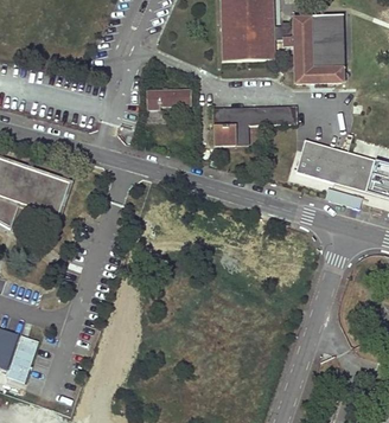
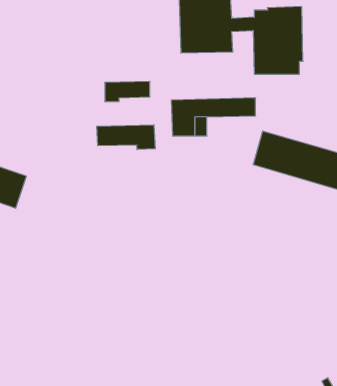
building: none -> [97,125,155,150]

